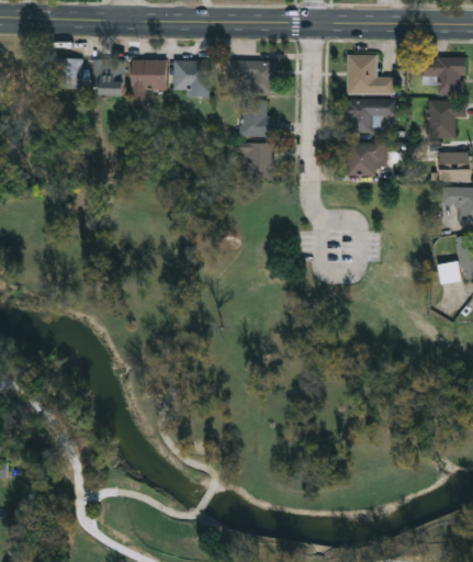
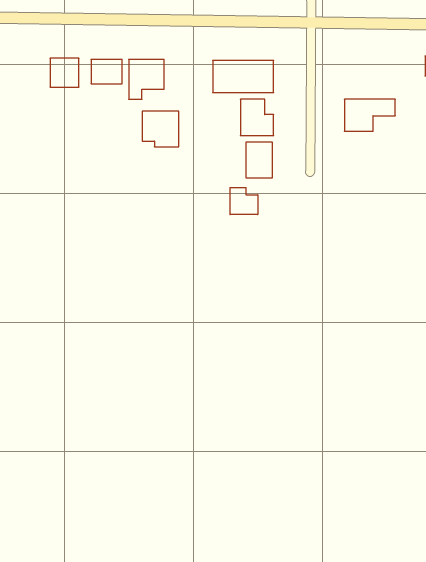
building: [348,55,395,94] -> none
building: [173,61,210,97] -> [142,111,179,147]
building: [346,143,387,176] -> none
building: none -> [230,188,258,215]

